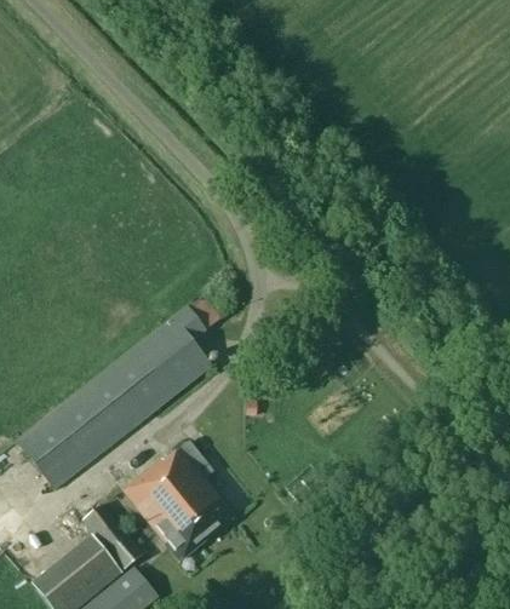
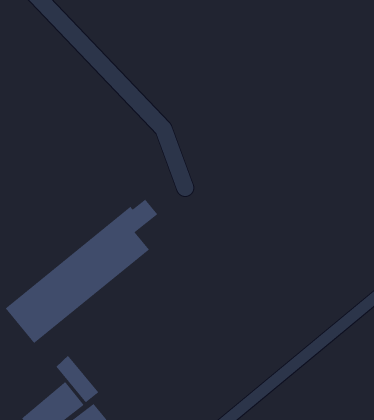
building: [124,441,235,559] -> none

